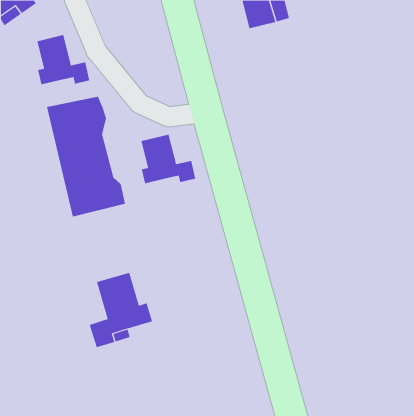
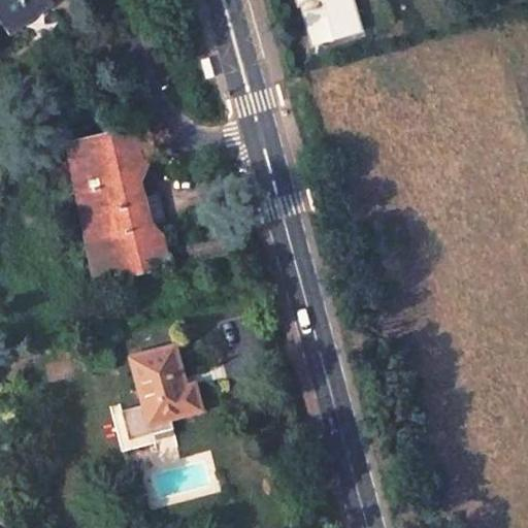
building: [37,34,90,85] -> none
building: [141,134,196,184] -> none

